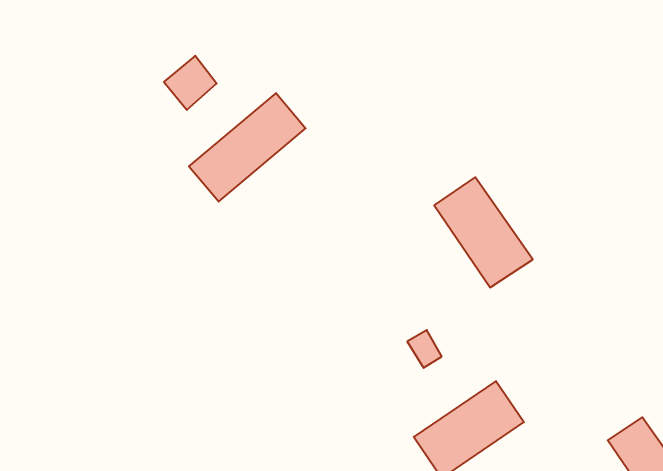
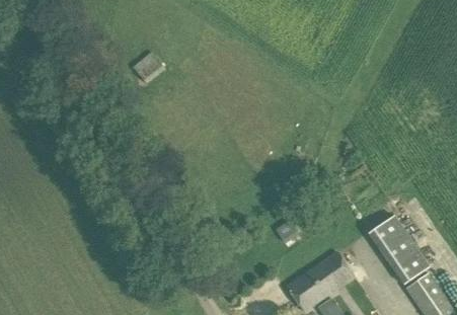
building: [189,93,306,202] -> none
building: [434,177,533,287] -> [369,215,430,283]

